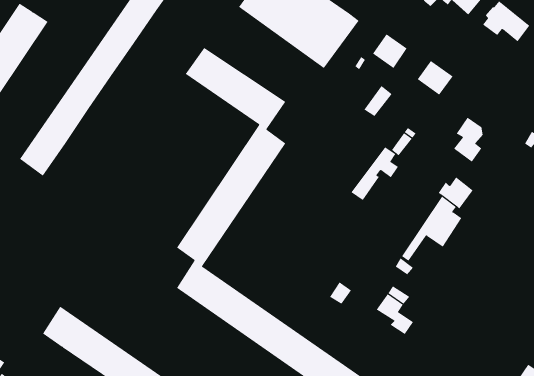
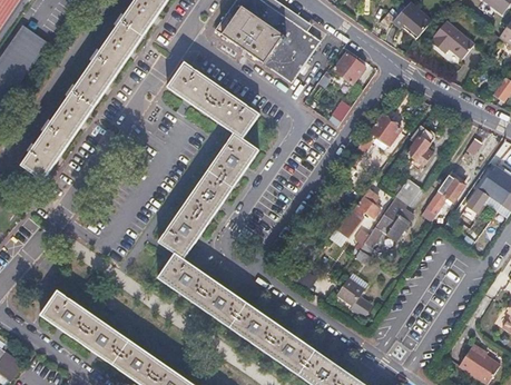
building: [417,60,453,96] -> [367,112,400,144]
building: [351,146,399,201] -> [340,192,382,240]
building: none -> [420,175,463,220]

